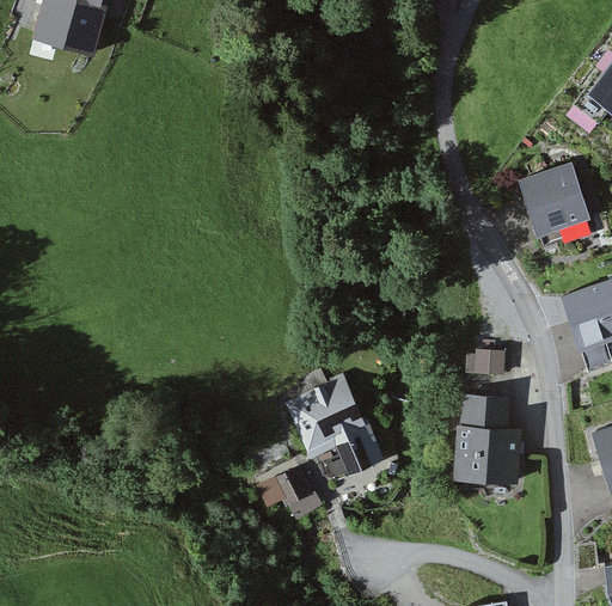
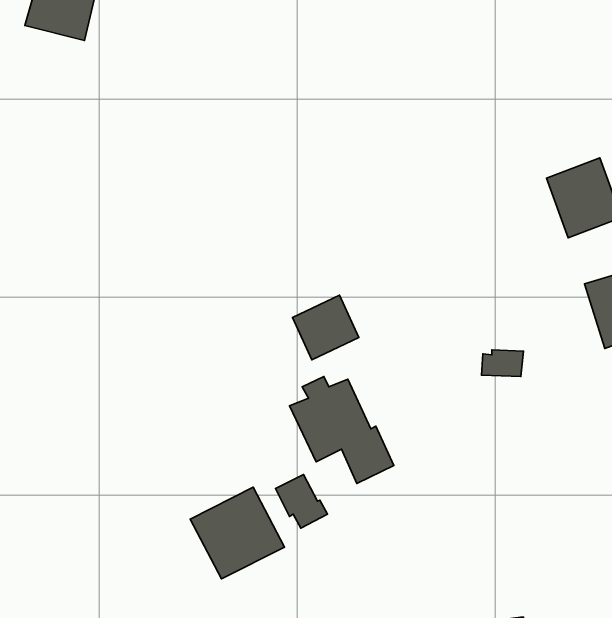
building: none -> [293,295,359,360]
building: [451,393,520,482] -> none
building: none -> [190,487,284,579]

